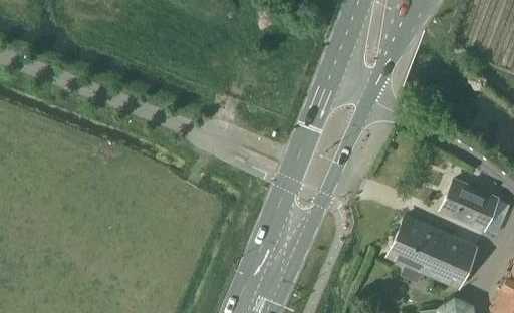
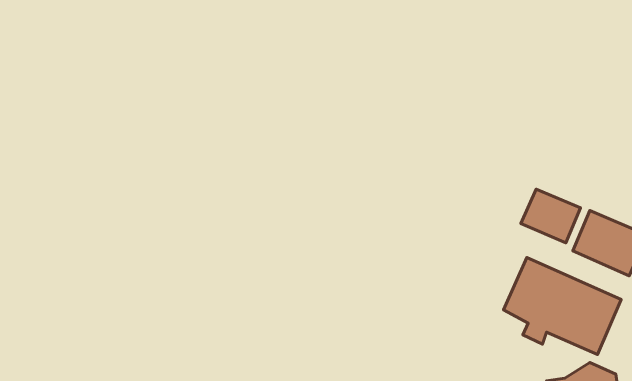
building: none -> [521,189,580,243]

